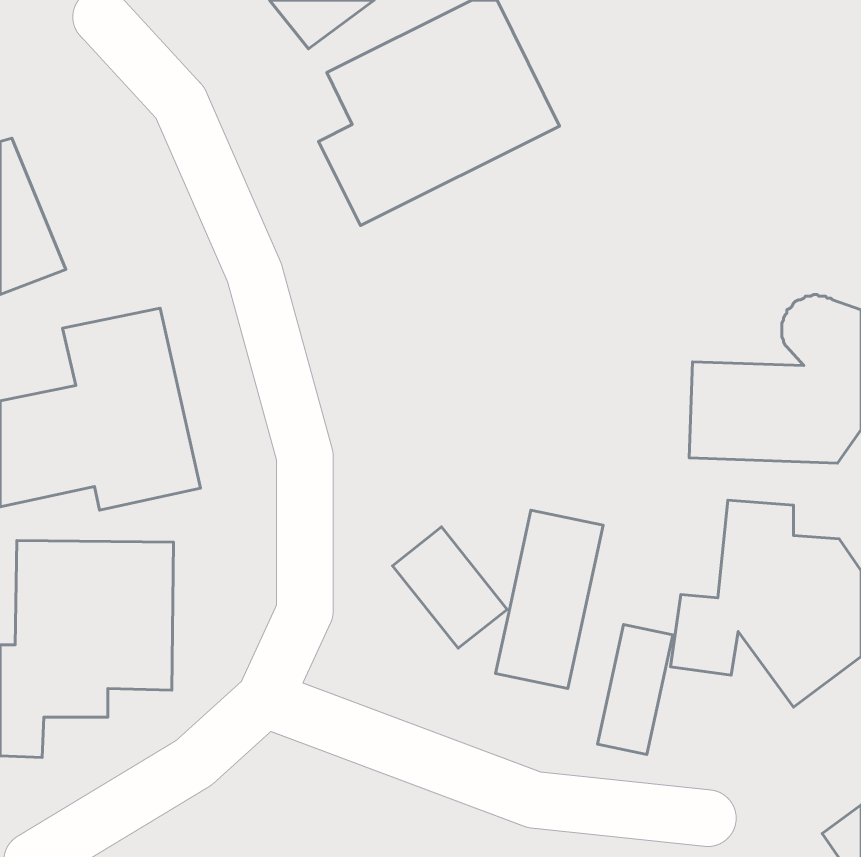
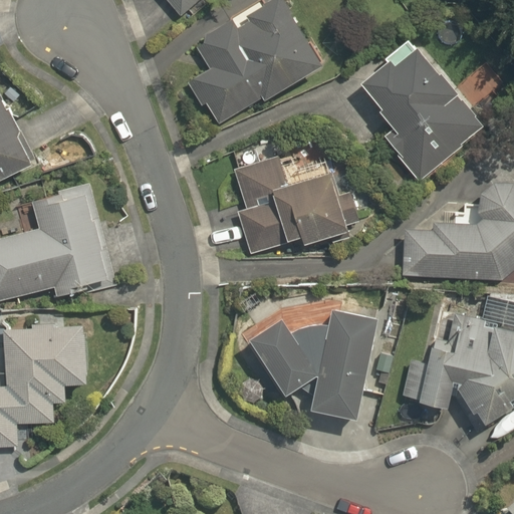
building: none -> [345,25,483,176]
building: none -> [223,145,351,260]
building: [598,624,673,755] -> none

